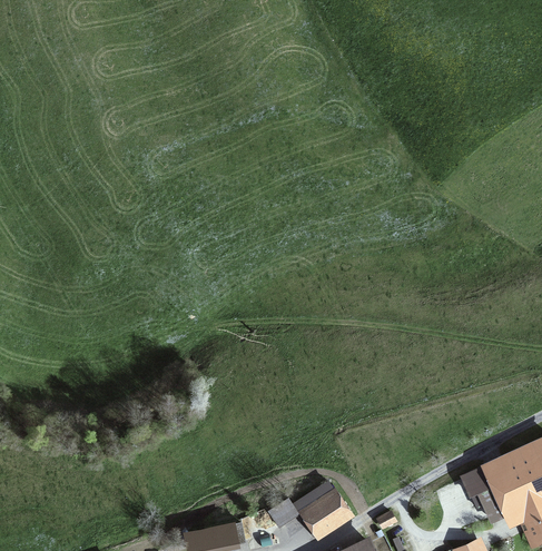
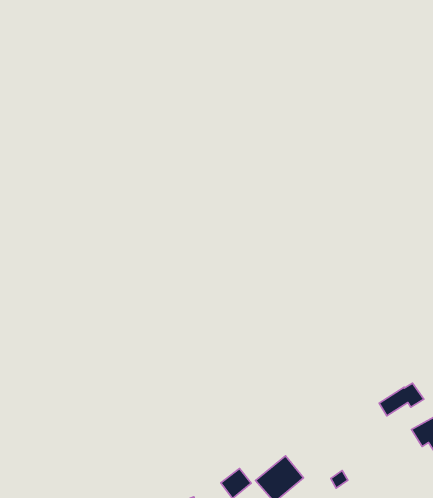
building: none -> [379,383,424,416]

